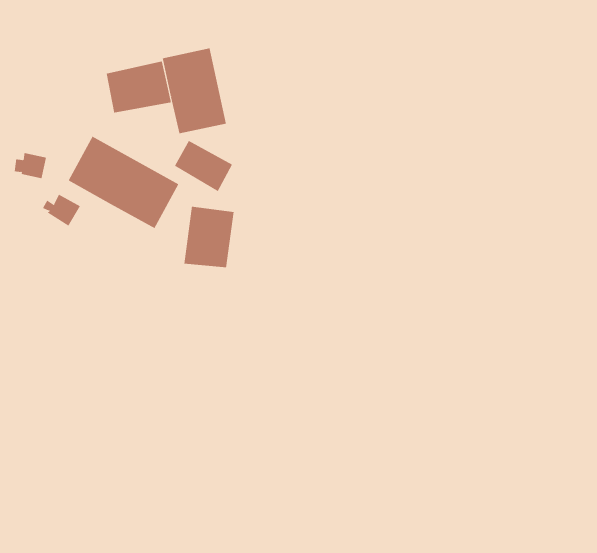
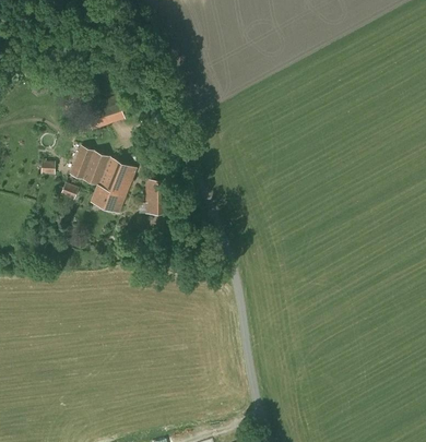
building: [162,48,227,134] -> none
building: [174,140,233,192] -> [90,184,125,213]

